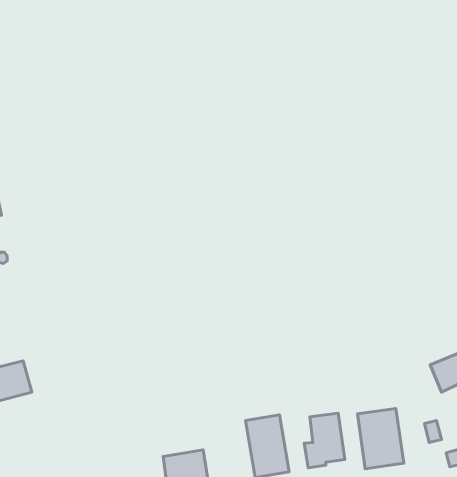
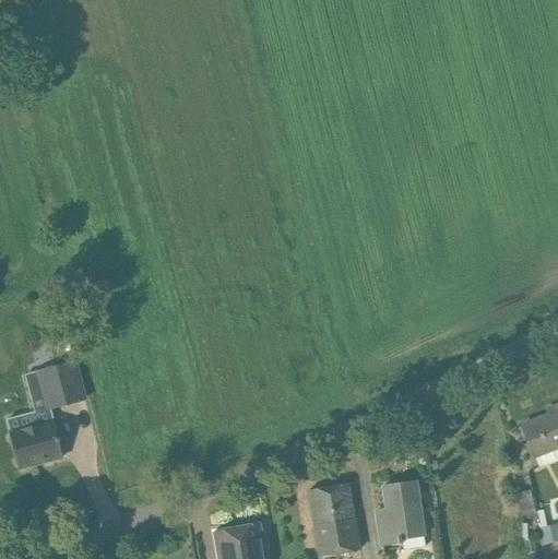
building: none -> [38,360,84,407]
building: [357,408,404,469] -> none

